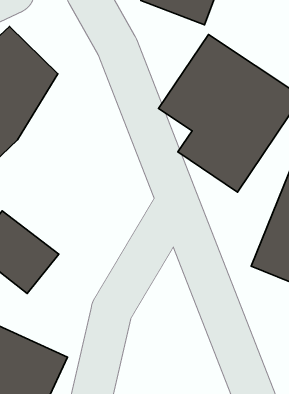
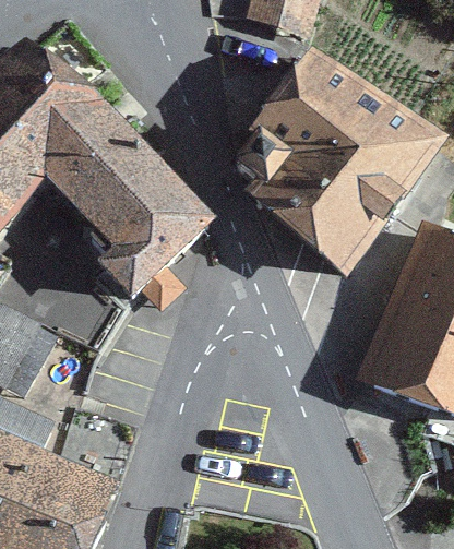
building: none -> [43,104,212,297]

